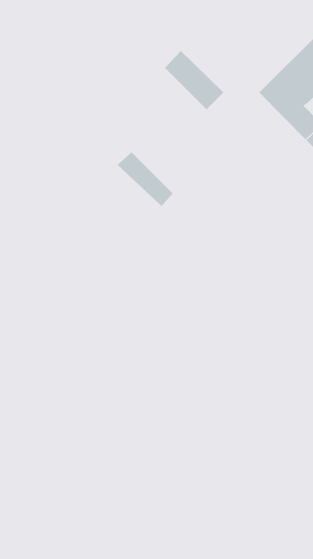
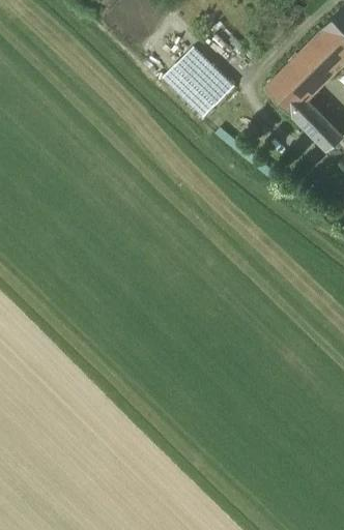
building: [117,151,174,207] -> [163,64,216,116]

